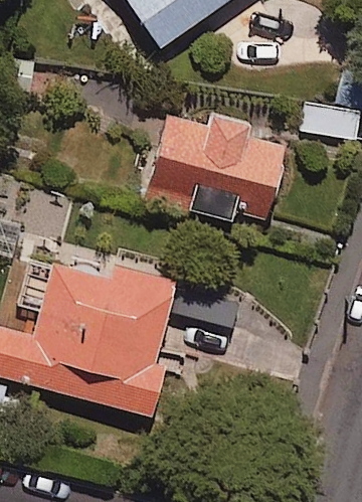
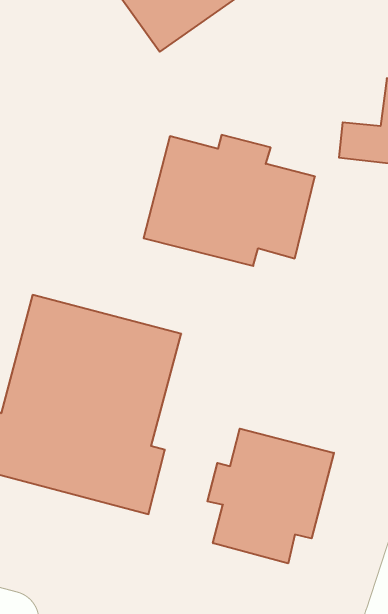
building: none -> [207,429,334,563]

